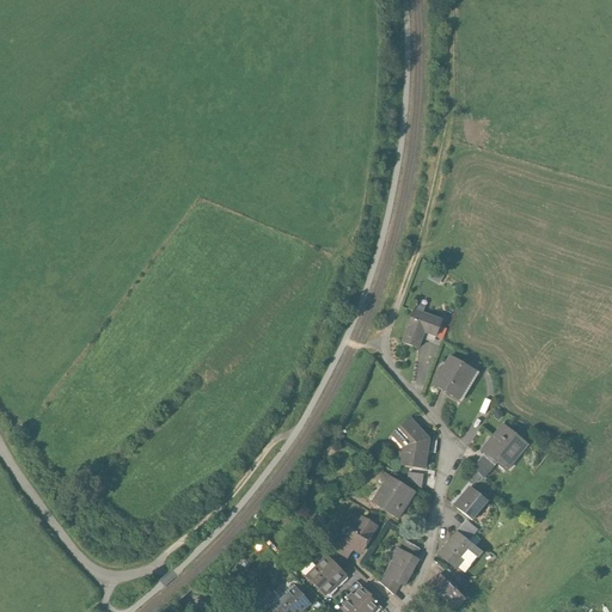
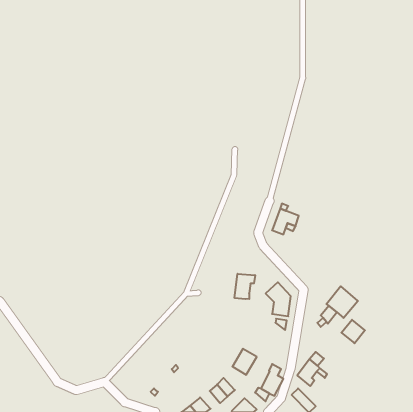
building: [434,354,476,397] -> none
building: none -> [235,274,255,299]
building: [373,475,416,518] -> none
building: [454,484,489,519] -> [341,320,365,343]

